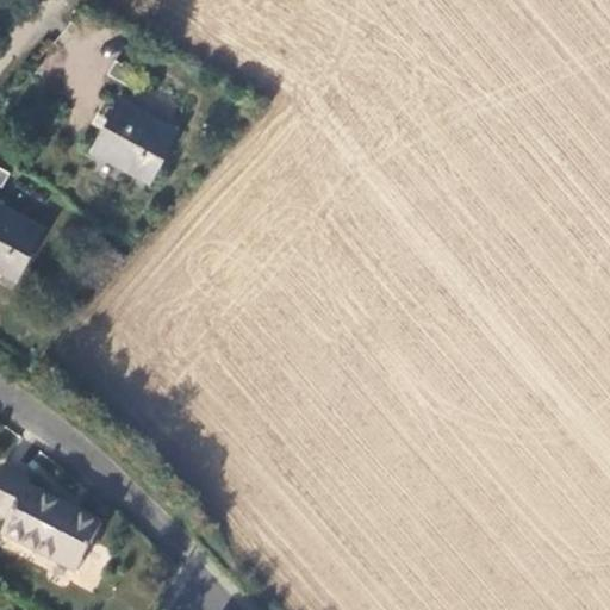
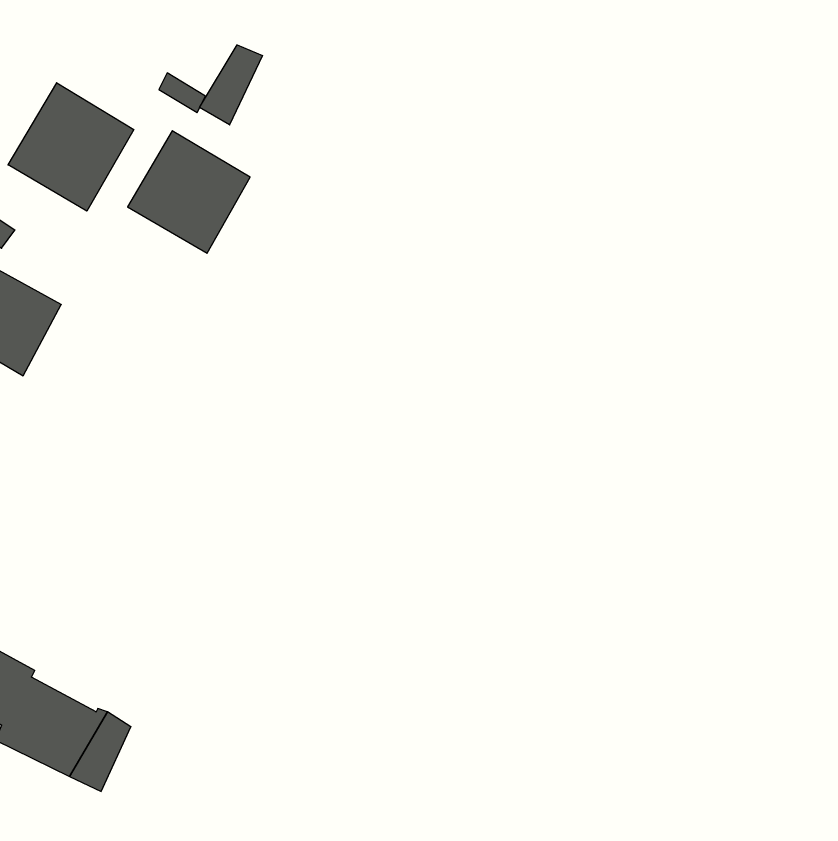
building: none -> [200,45,262,125]
building: none -> [8,83,134,211]

